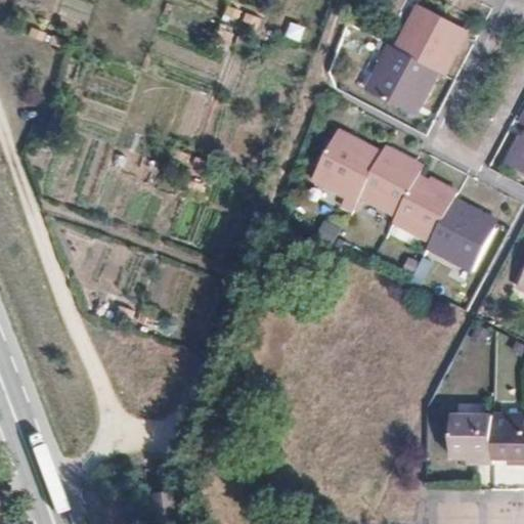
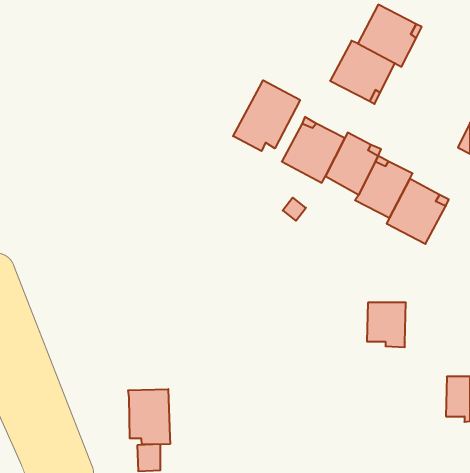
building: none -> [233,80,300,151]
building: [450,416,493,465] -> [367,303,406,347]
building: none -> [128,389,170,445]

